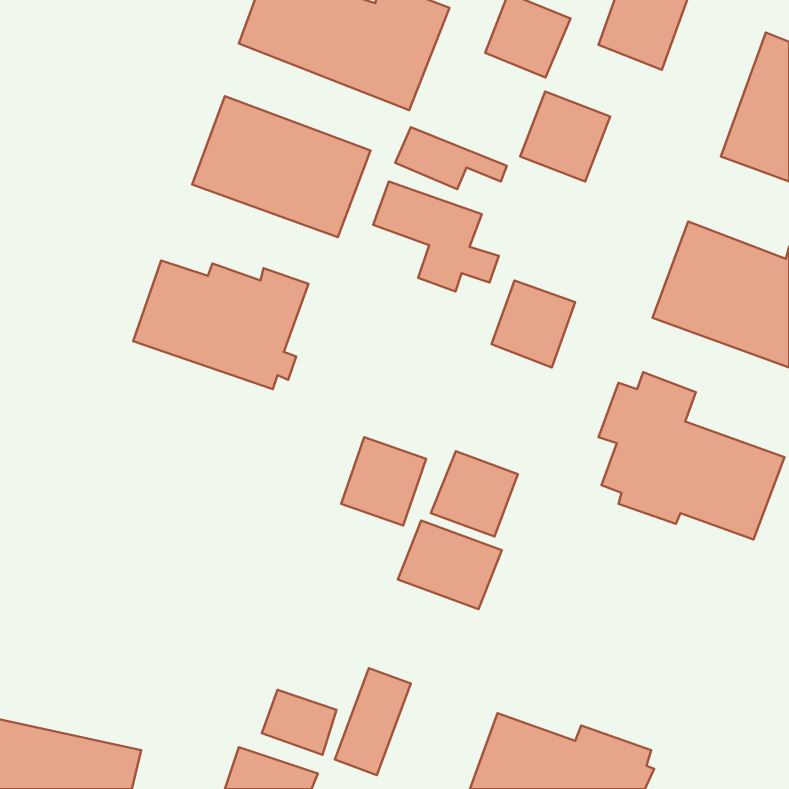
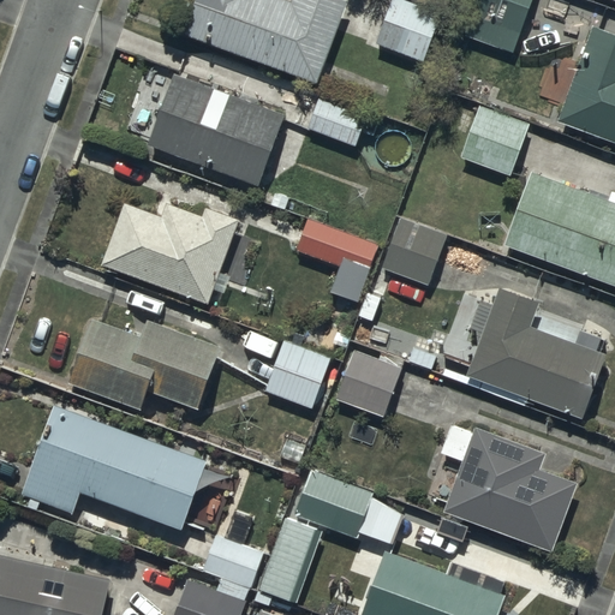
building: [520,92,610,181] -> [460,105,530,174]
building: [373,182,499,292] -> [294,219,392,304]
building: none -> [68,320,222,412]
building: [398,521,502,609] -> [294,468,375,537]
building: none -> [22,406,205,527]
building: none -> [438,424,578,553]

